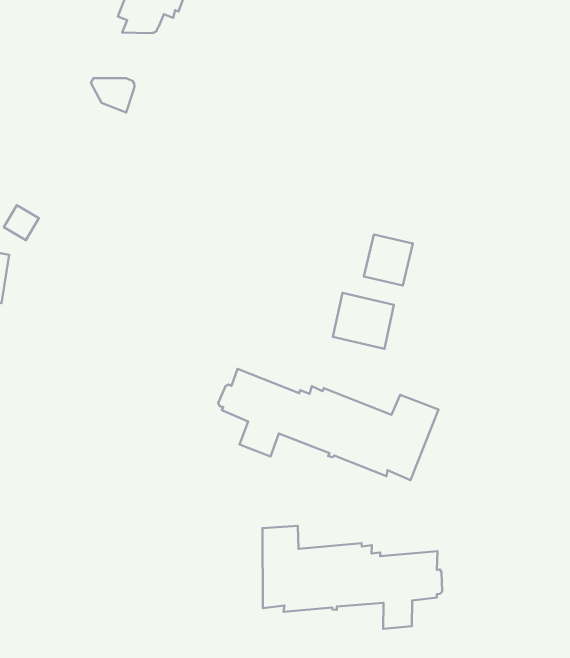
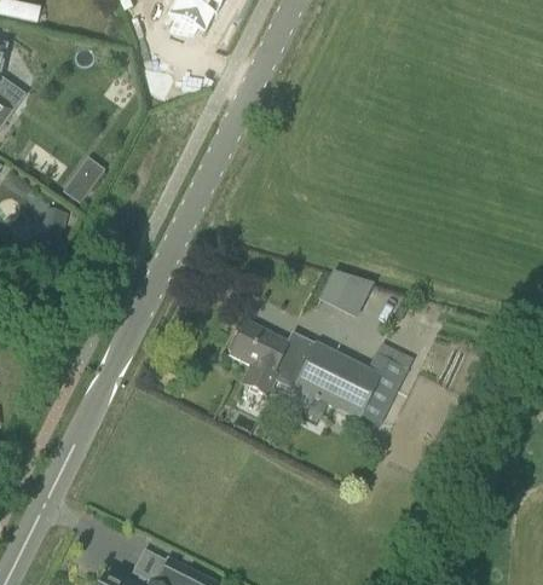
building: [364,234,413,286] -> none
building: [262,526,442,629] -> none

